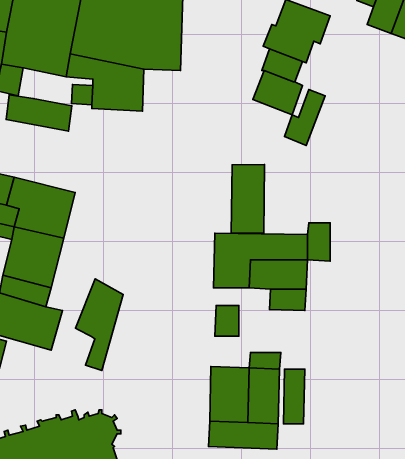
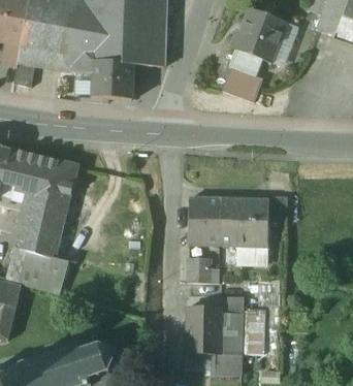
building: [285,89,325,145] -> [266,21,299,66]
building: [6,95,72,131] -> none
building: [231,164,265,233] -> none
building: [75,279,123,371] -> none

